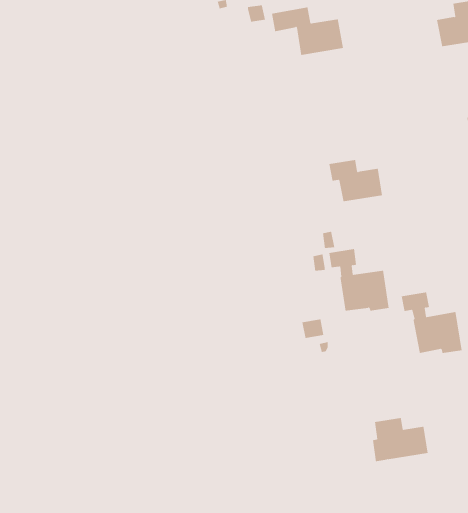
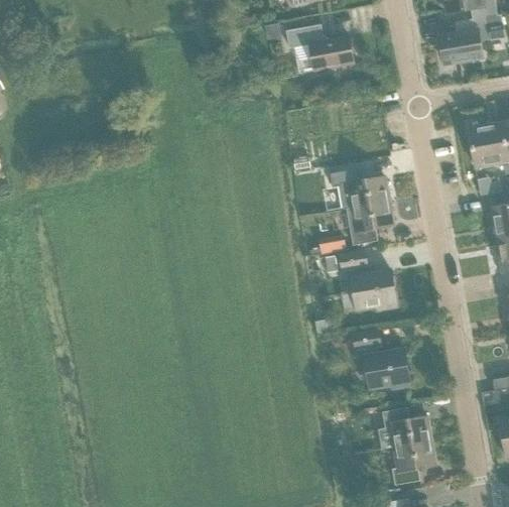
building: none -> [346,201,395,245]
building: [401,292,463,354] -> [353,331,410,388]
building: none -> [392,440,437,485]

